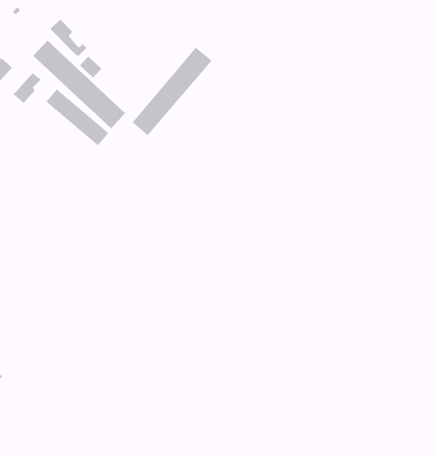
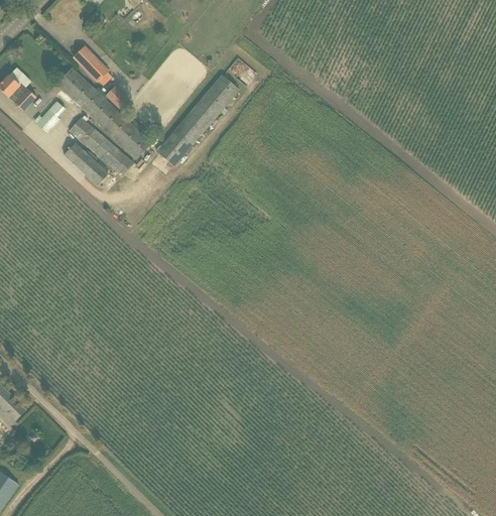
building: none -> [64,142,109,185]

